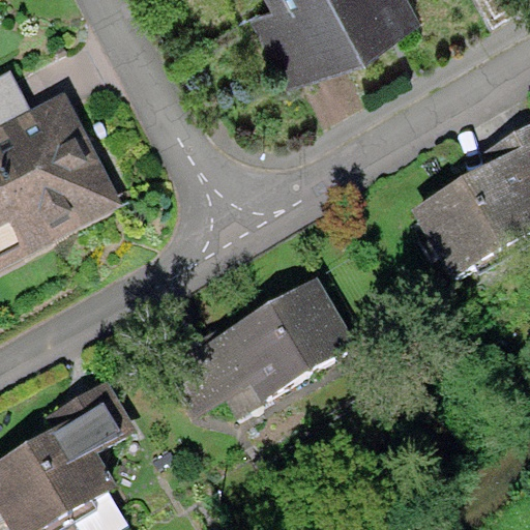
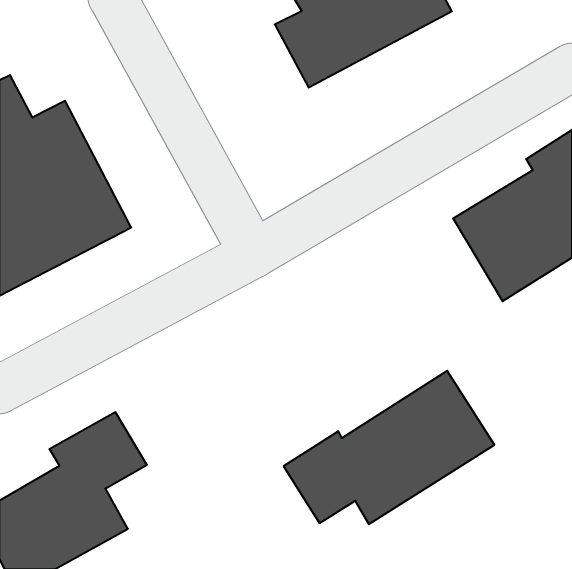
building: [164,275,358,417] -> [284,371,494,524]

